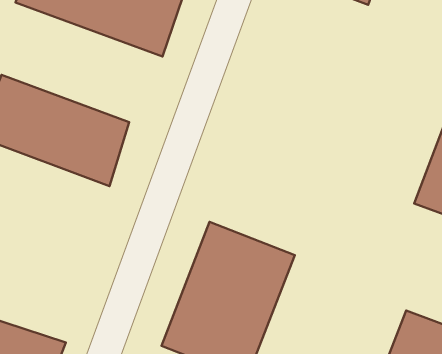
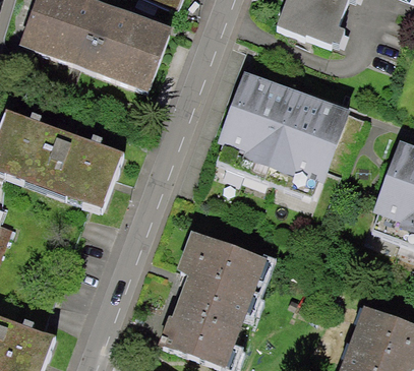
building: none -> [214,75,348,190]

